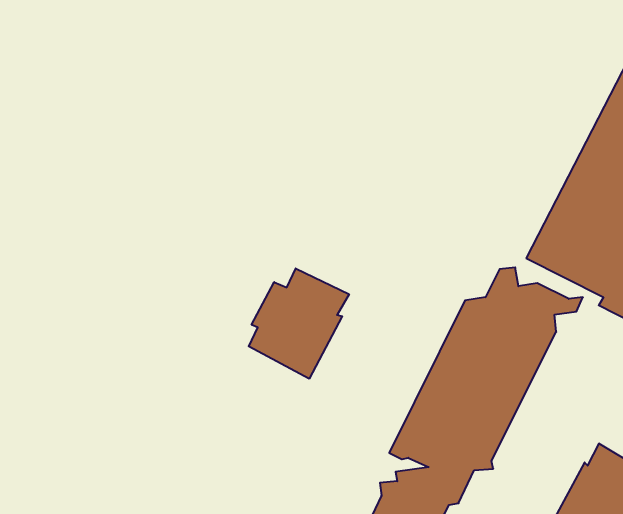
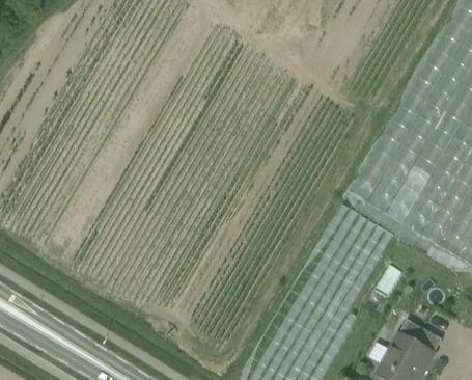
building: [249,268,349,379] -> none

